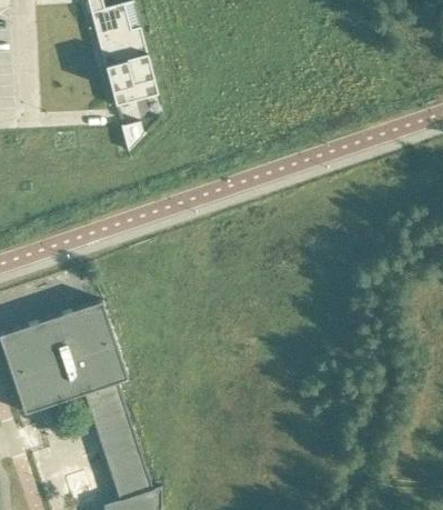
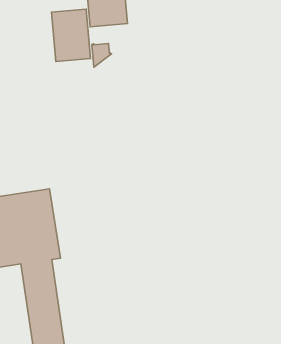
building: none -> [52,9,90,62]

